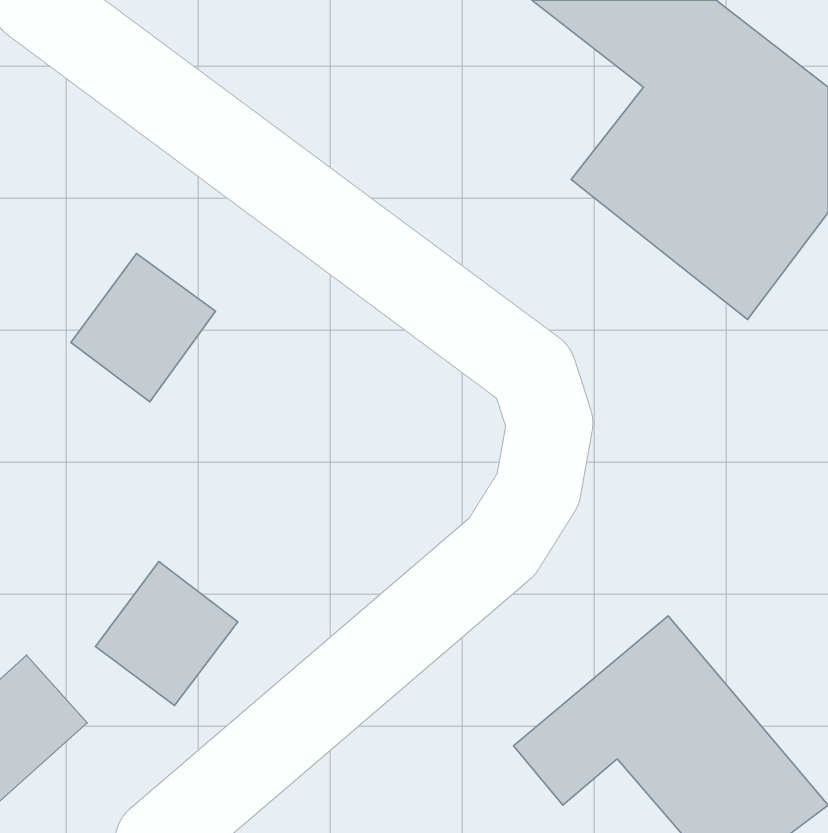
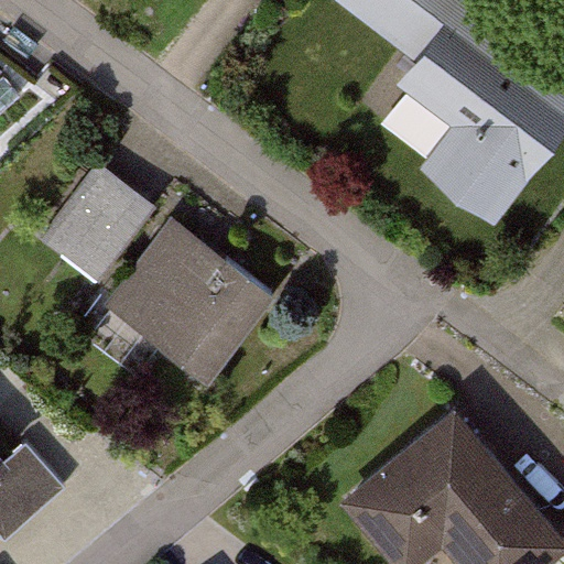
building: none -> [101,223,264,383]
building: [96,562,238,705] -> none

